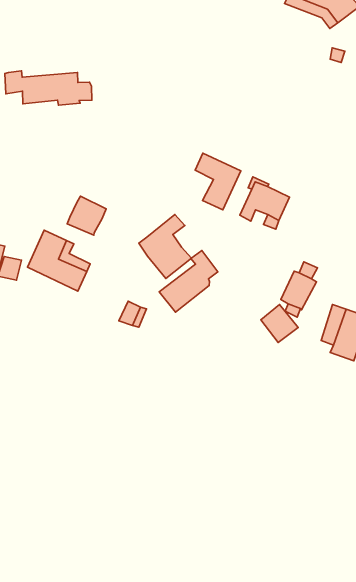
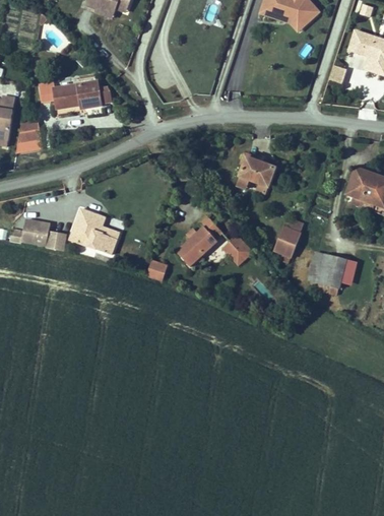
building: [195,153,241,210] -> none
building: [67,196,106,235] -> none
building: [139,215,191,278] -> none
building: [261,305,298,343] -> [222,234,253,264]

